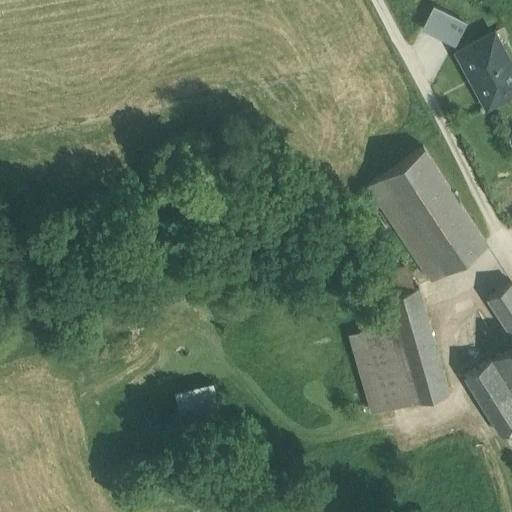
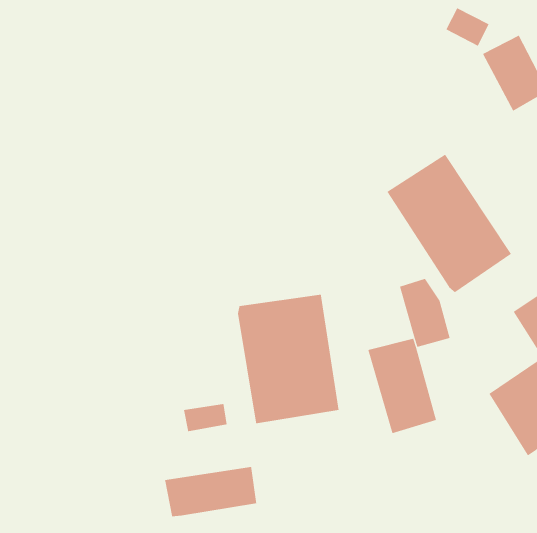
building: none -> [237,294,339,424]
building: [397,326,449,404] -> none
building: none -> [164,466,257,517]

